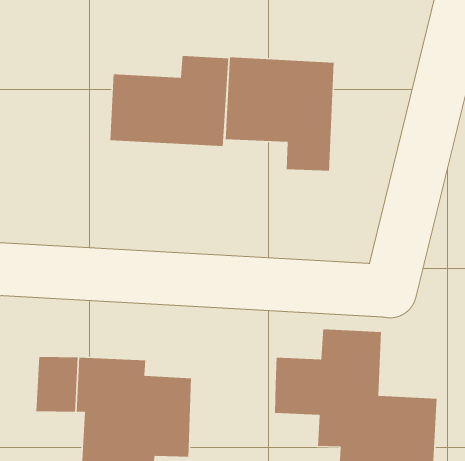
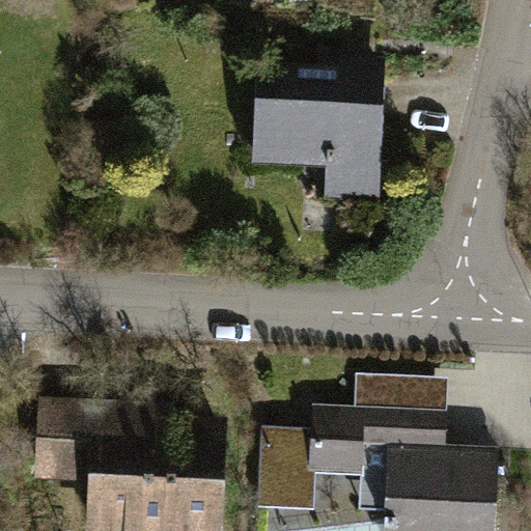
building: [110,55,229,147] -> none
building: none -> [258,441,312,511]

